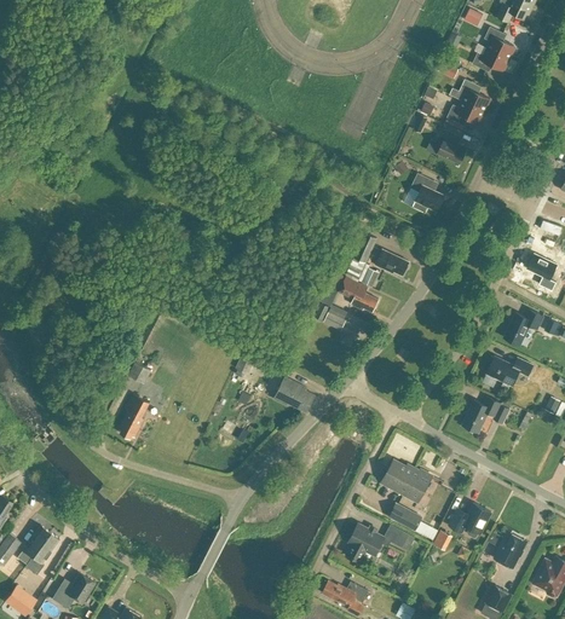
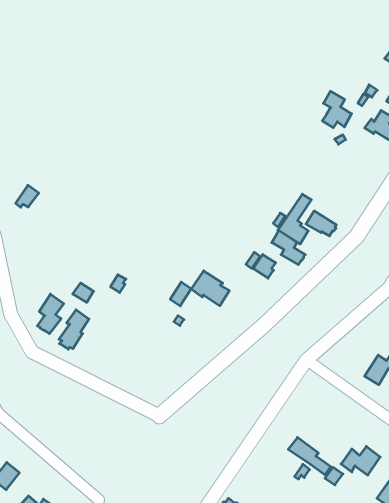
building: [411,173,444,213] -> [322,91,352,128]
building: [273,376,316,412] -> [191,271,229,306]
building: none -> [37,294,64,334]
building: [381,458,433,502] -> none
building: [347,525,384,560] -> none

